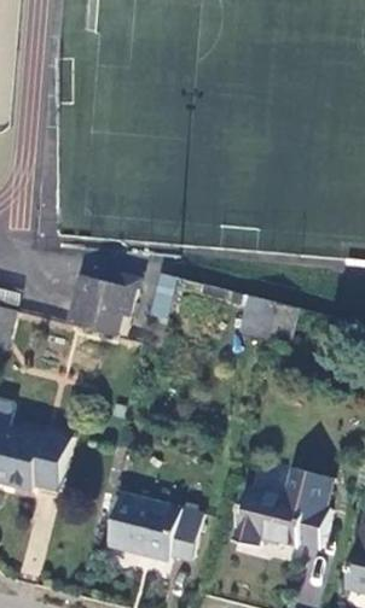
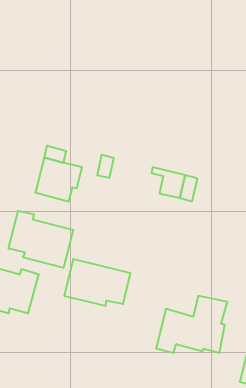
building: none -> [9,211,73,268]
building: [114,497,204,561] -> [64,259,130,306]

